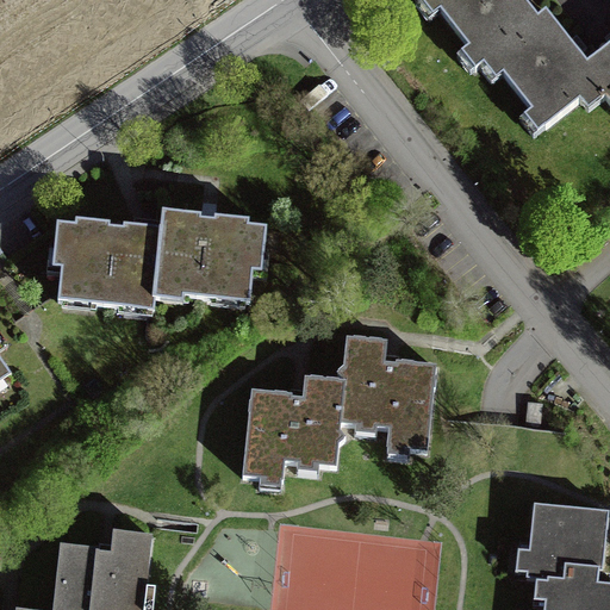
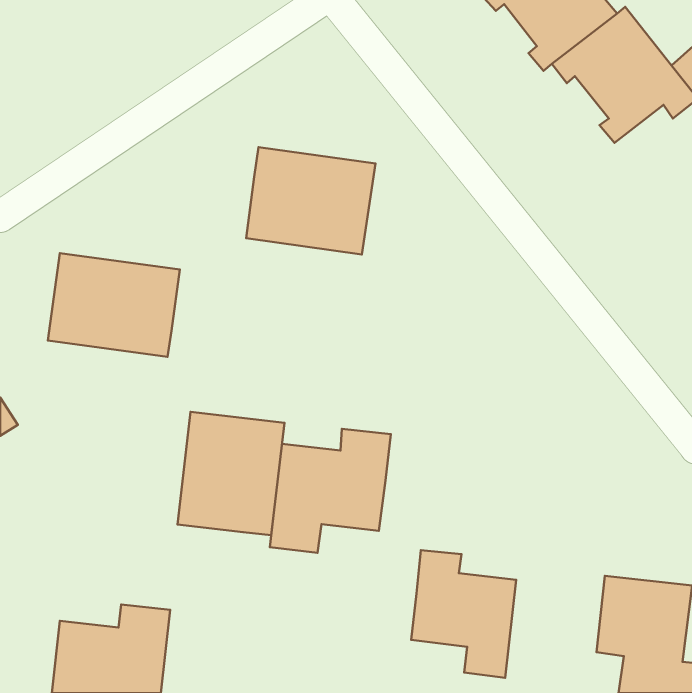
building: [154,210,267,304] -> [246,147,376,255]
building: [341,342,432,454] -> [411,550,516,678]
building: none -> [177,412,284,535]

